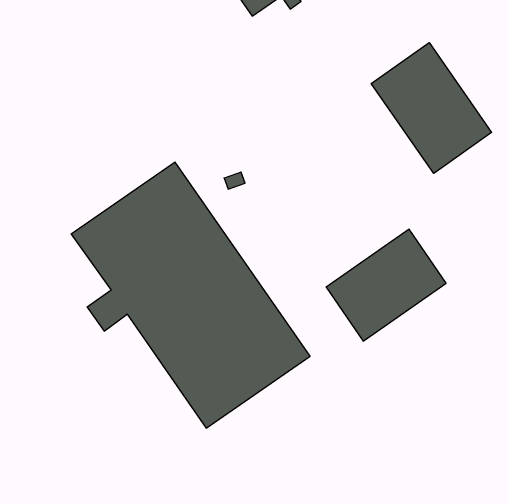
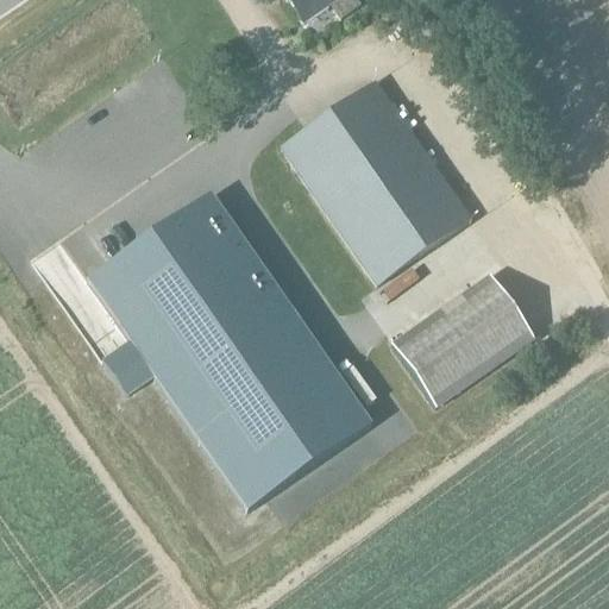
building: [371,43,492,173] -> none
building: none -> [281,79,471,283]

